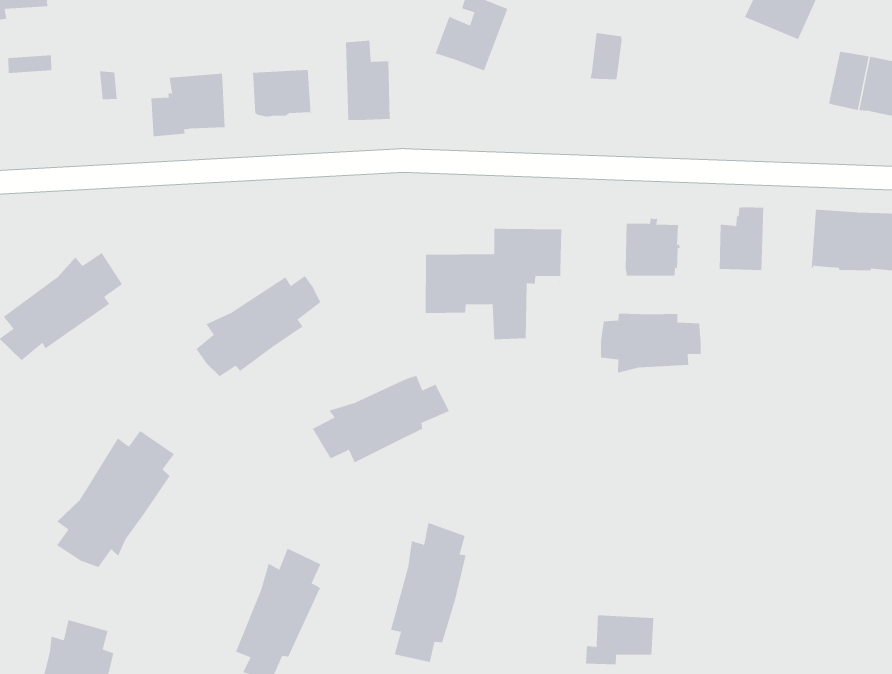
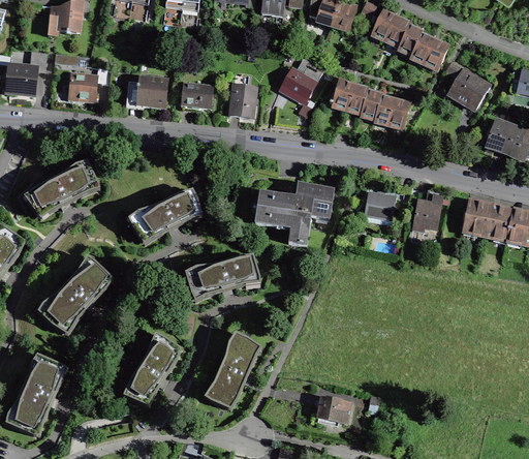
building: none -> [329,80,368,111]
building: none -> [374,95,410,126]
building: none -> [67,72,97,102]
building: [601,313,701,373] -> none

